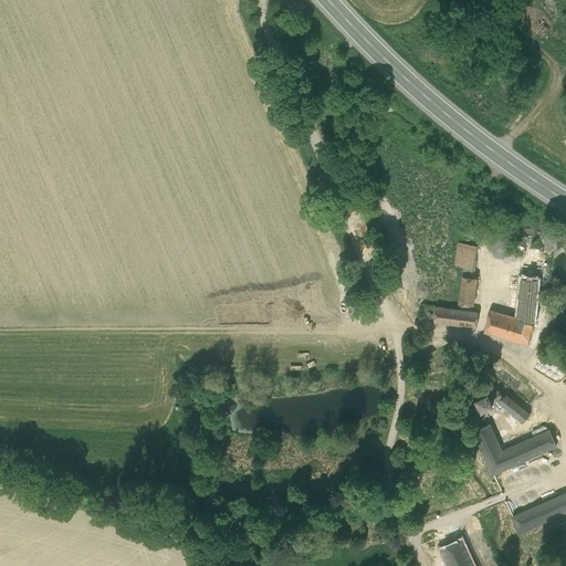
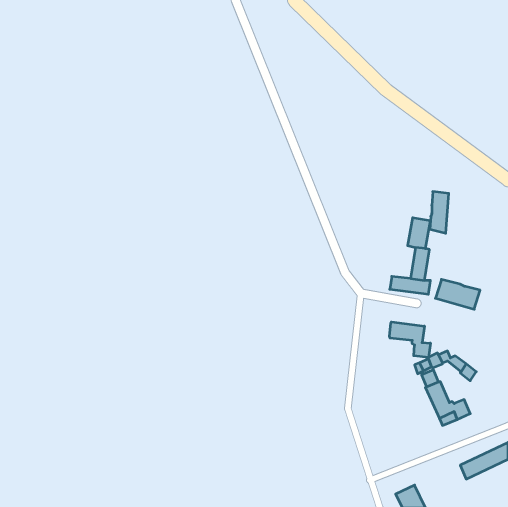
building: [516,277,537,324] -> [430,192,449,233]
building: none -> [389,322,430,357]
building: [516,428,556,461] -> none

